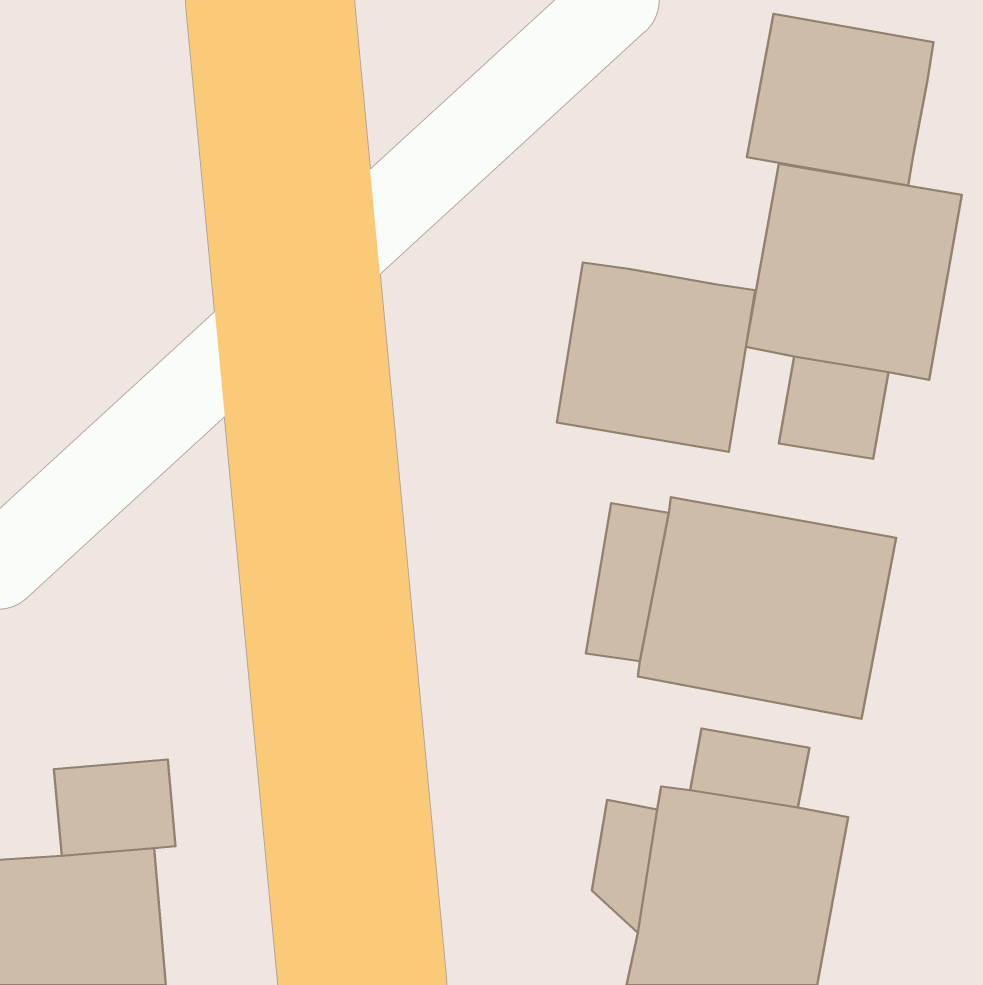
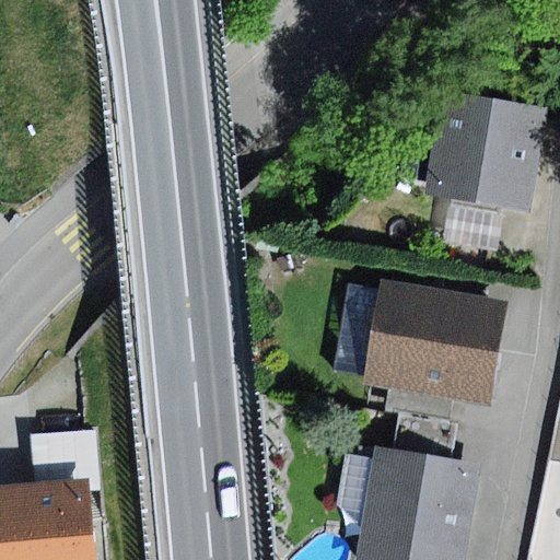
building: [747,14,933,186] -> none
building: [557,262,755,452] -> none

